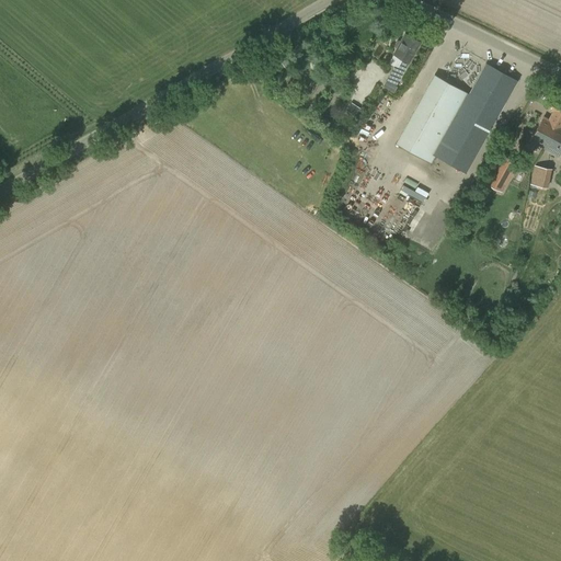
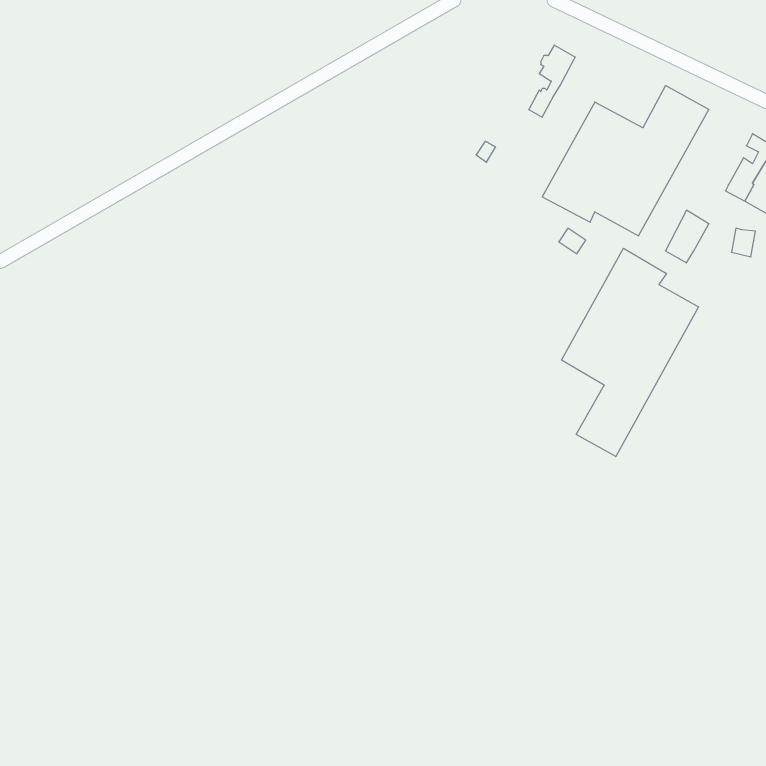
building: none -> [561,248,699,457]

